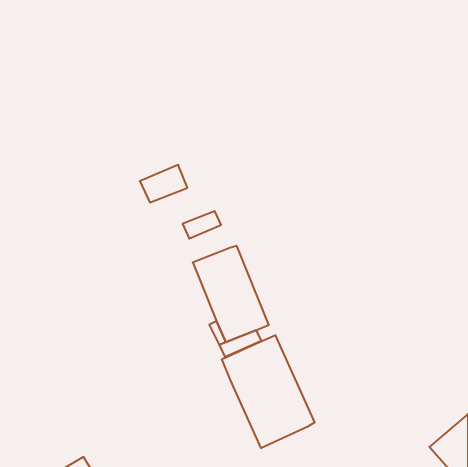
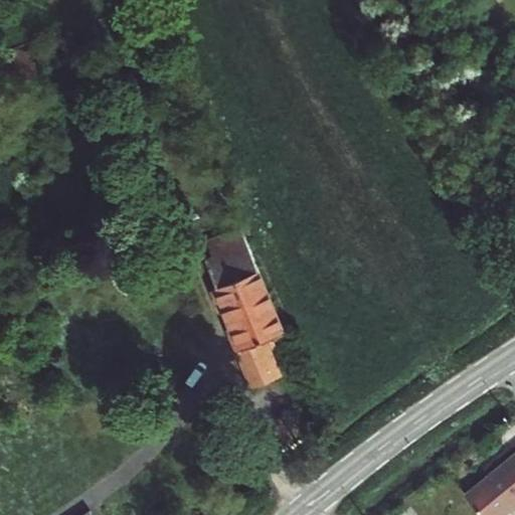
building: [140,165,187,202] -> [200,248,252,290]
building: [222,335,315,448] -> none

